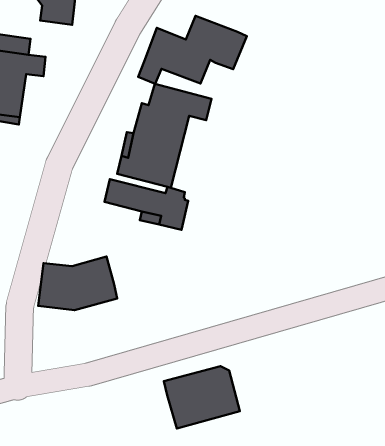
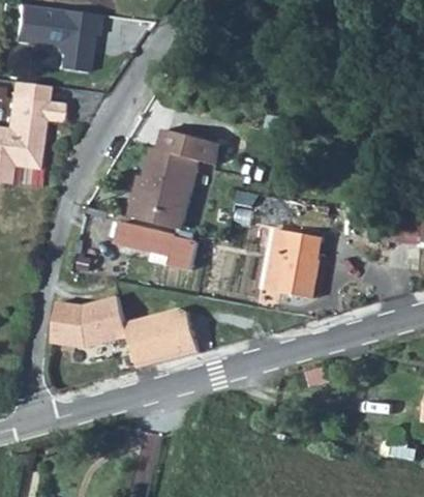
building: [138,16,247,84] -> none
building: none -> [268,229,324,297]
building: [164,366,240,428] -> [127,308,201,368]

